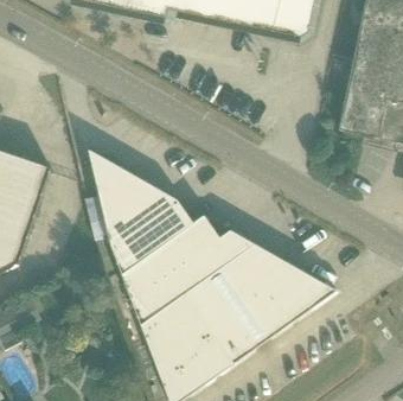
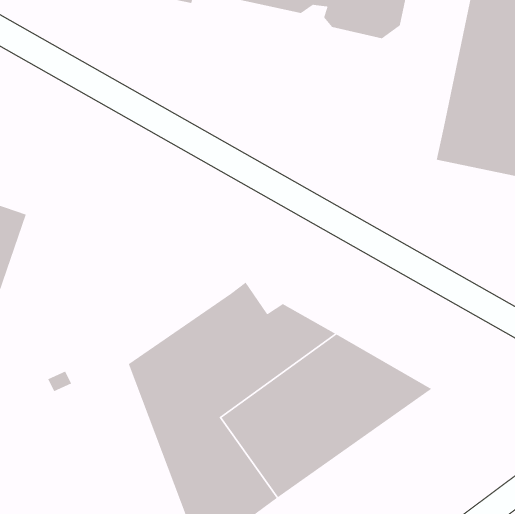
building: [89,148,193,272] -> none

